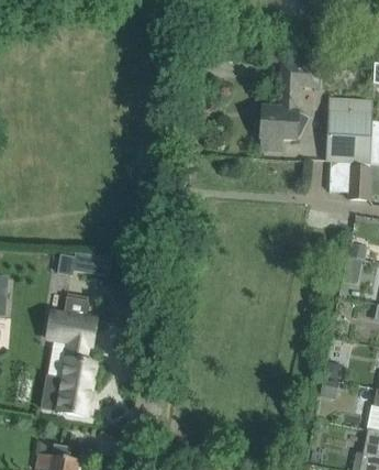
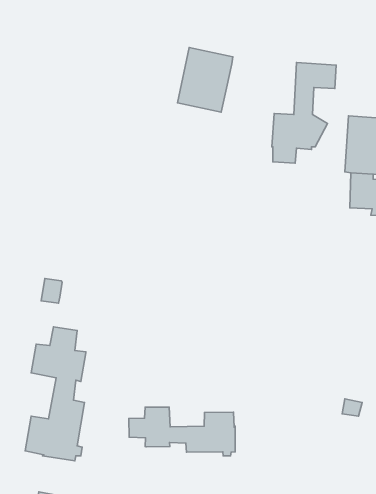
building: none -> [178,48,233,112]
building: none -> [129,407,235,456]

